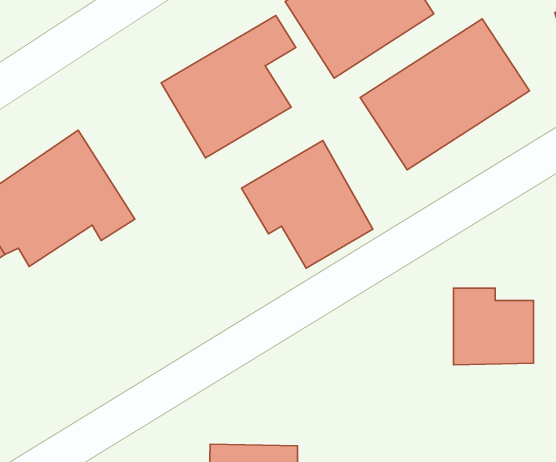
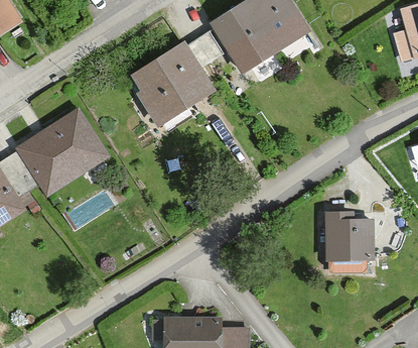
building: [360,19,529,170] -> none
building: [242,140,373,268] -> none

